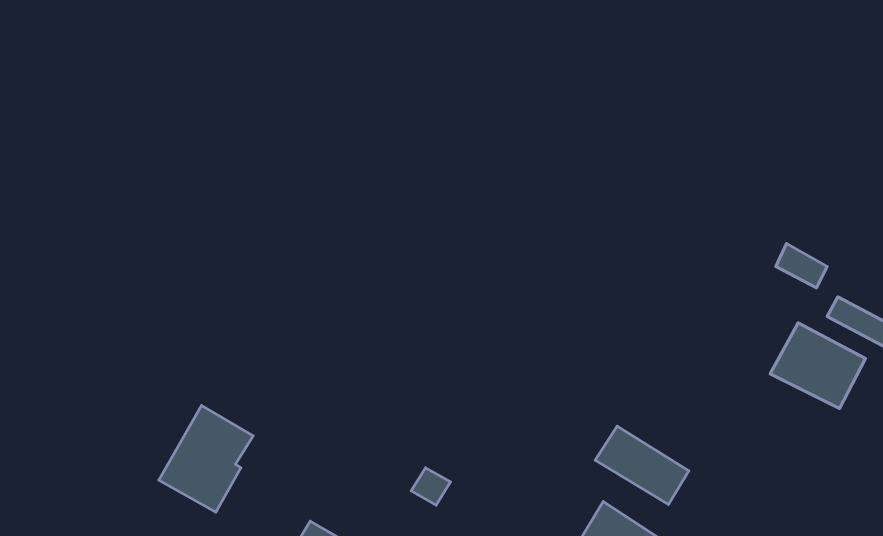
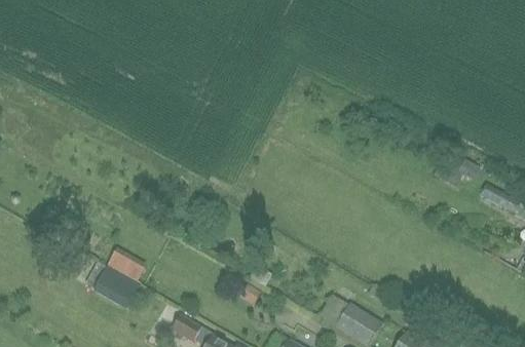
building: [770,323,866,408] -> none
building: [595,426,689,504] -> none

